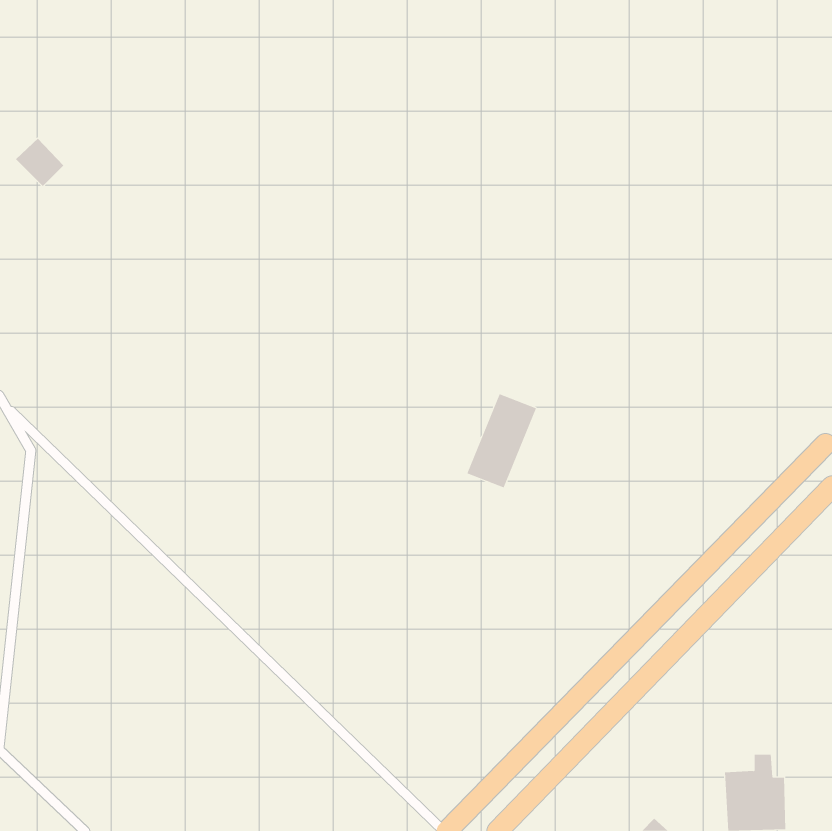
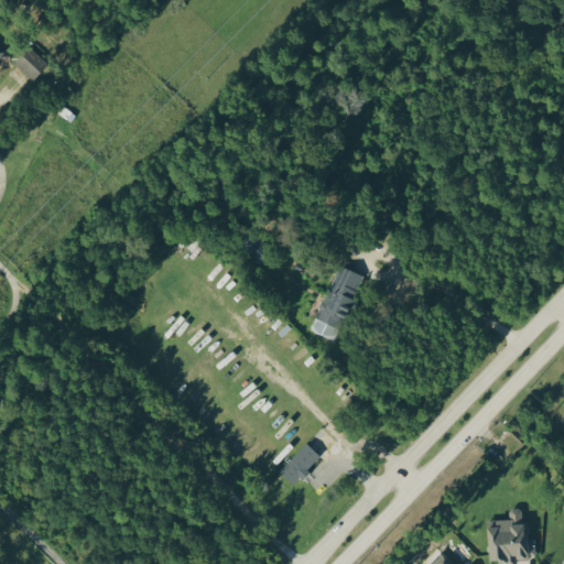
building: [15,138,64,187] -> [14,48,47,82]
building: none -> [280,443,322,486]

